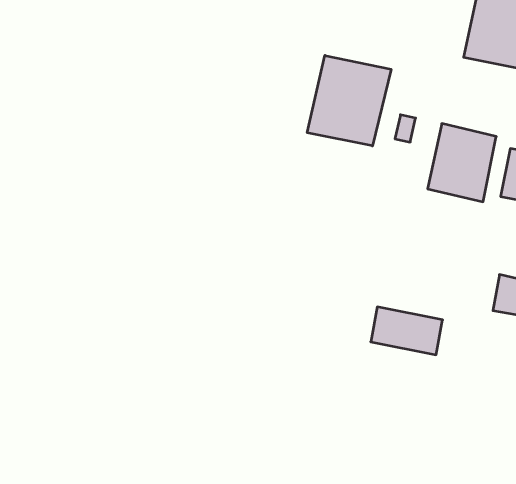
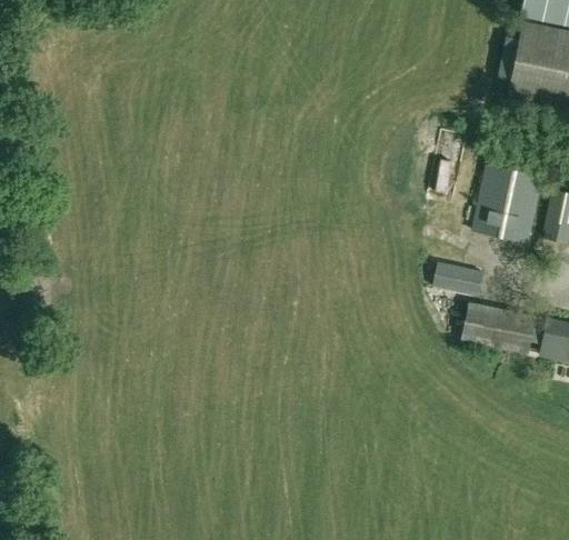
building: [307,55,391,146] -> none
building: none -> [432,262,483,296]
building: [371,307,443,355] -> [462,303,536,352]

